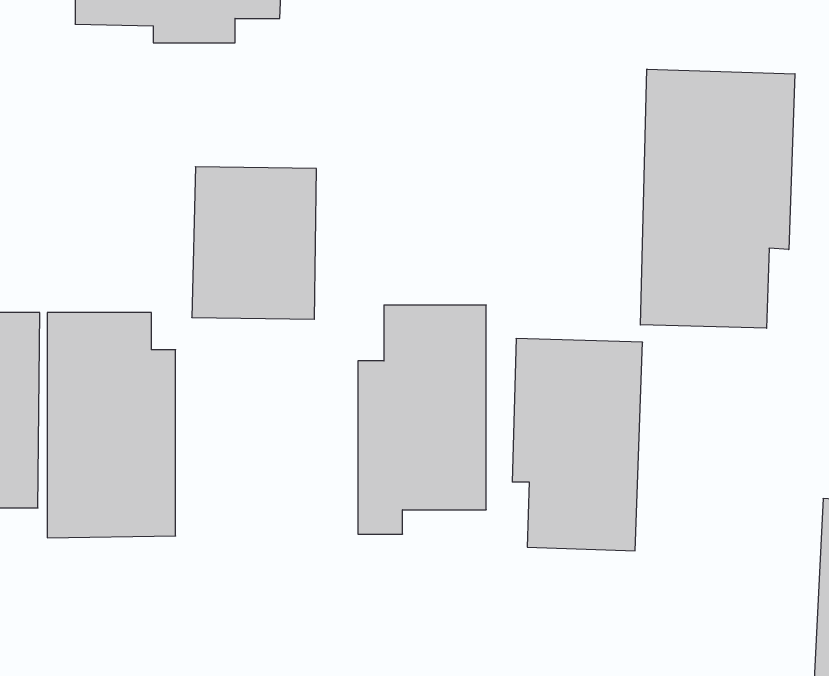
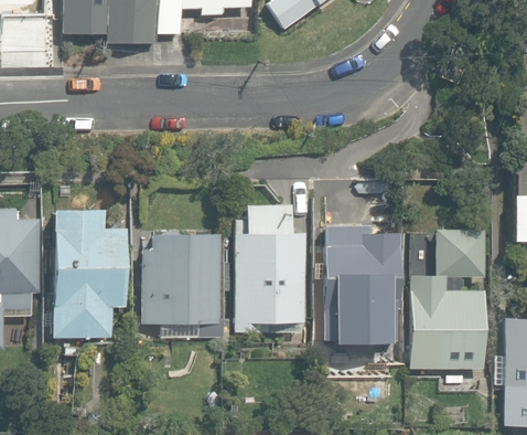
building: [640,69,795,328] -> none
building: [192,167,316,319] -> [143,236,217,327]
building: none -> [406,232,486,373]

